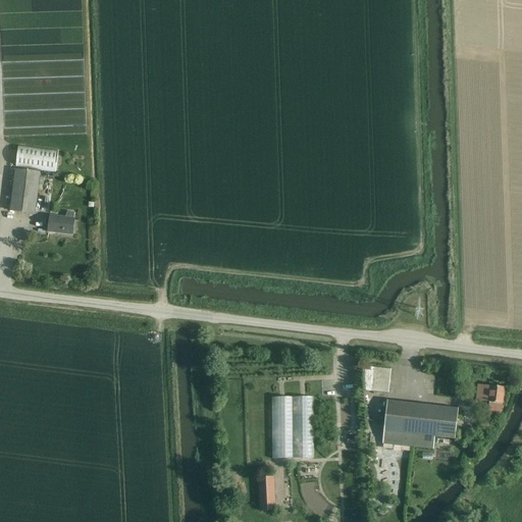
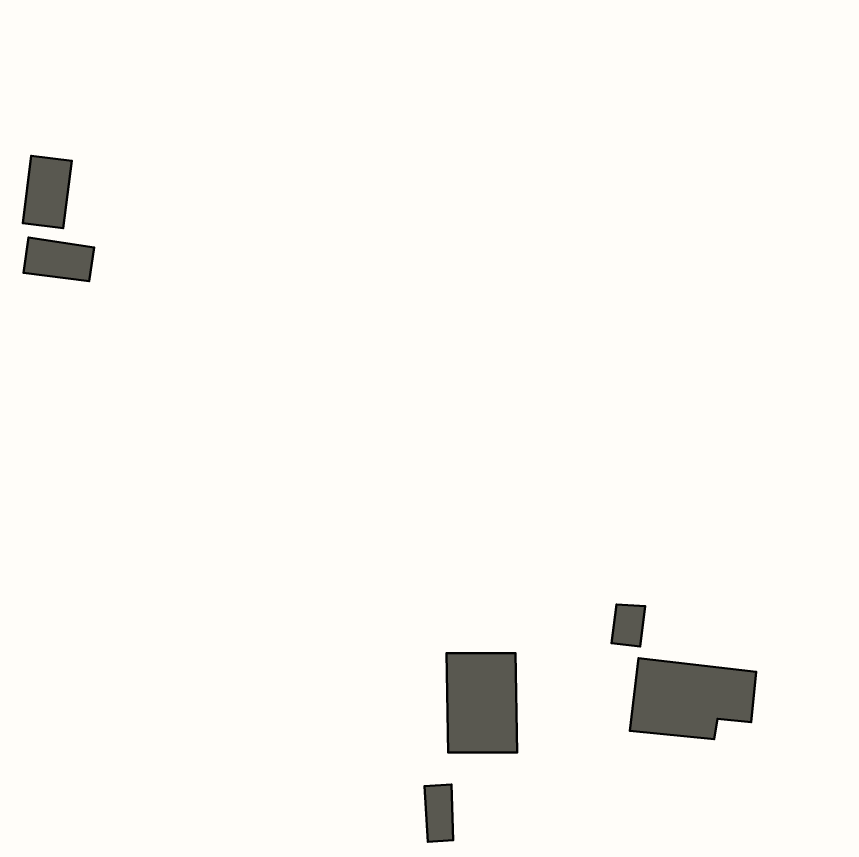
building: [9,168,39,212] -> [23,156,72,228]
building: [48,209,73,232] -> none
building: [479,383,504,410] -> none

